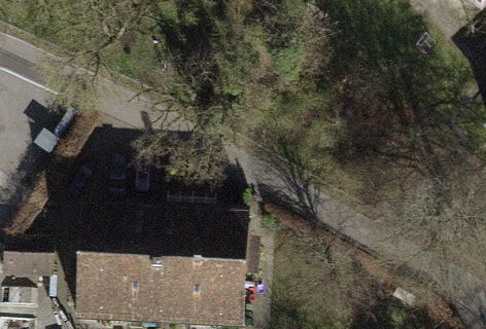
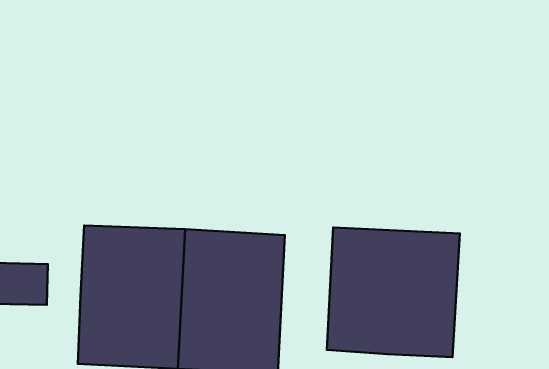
building: none -> [327,227,460,357]

